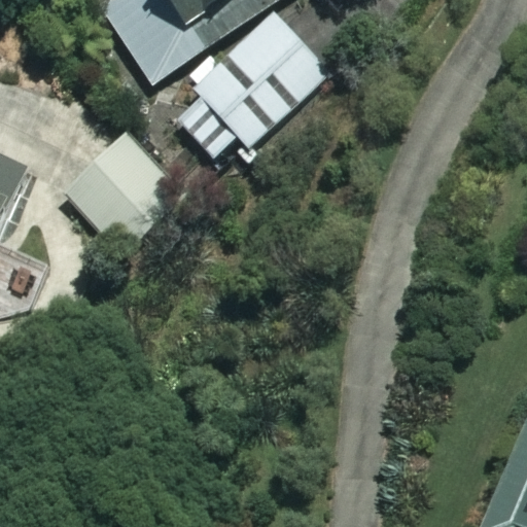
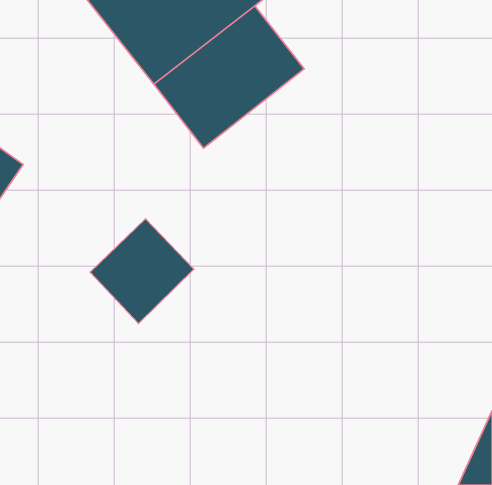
building: [68,134,178,245] -> [90,219,194,323]

